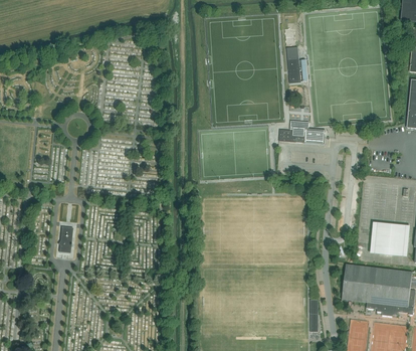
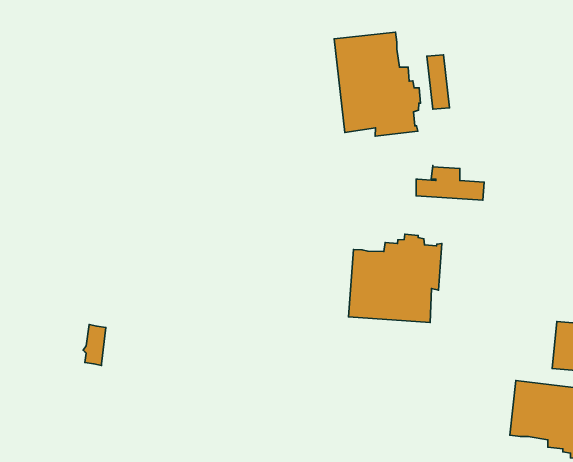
building: none -> [334,32,420,136]
building: none -> [348,234,442,323]

